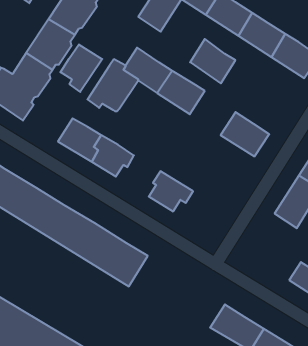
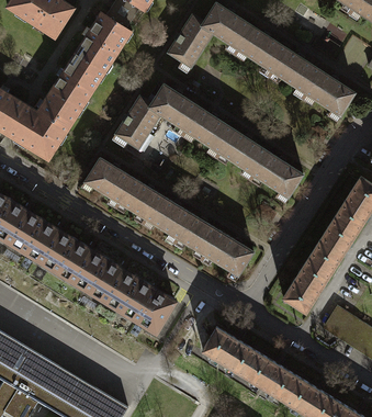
building: [190,39,235,83] -> [221,129,268,176]
building: [60,44,102,92] -> none
building: none -> [144,196,190,239]
building: none -> [203,234,252,275]
building: none -> [282,257,331,313]
building: none -> [201,327,257,375]

